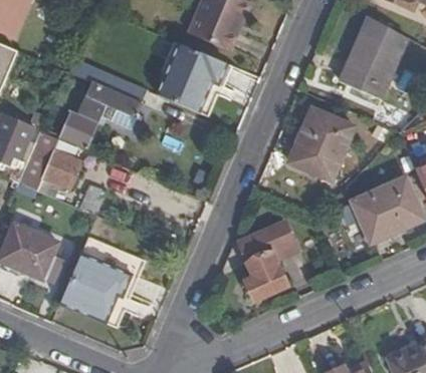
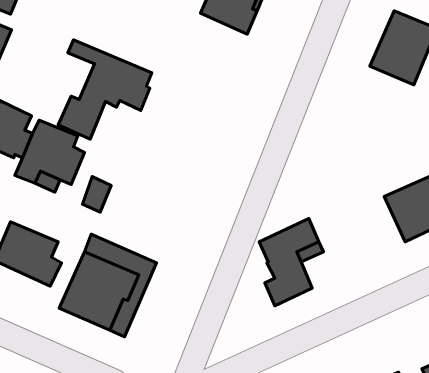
building: [156,42,226,112] -> none
building: [289,108,353,177] -> none

